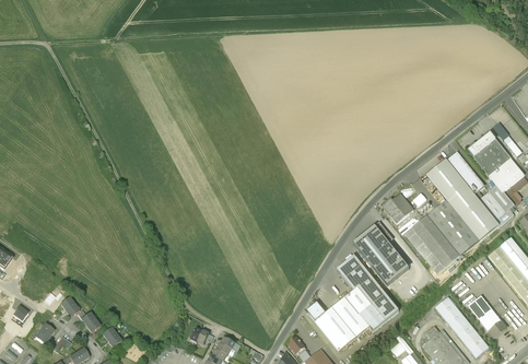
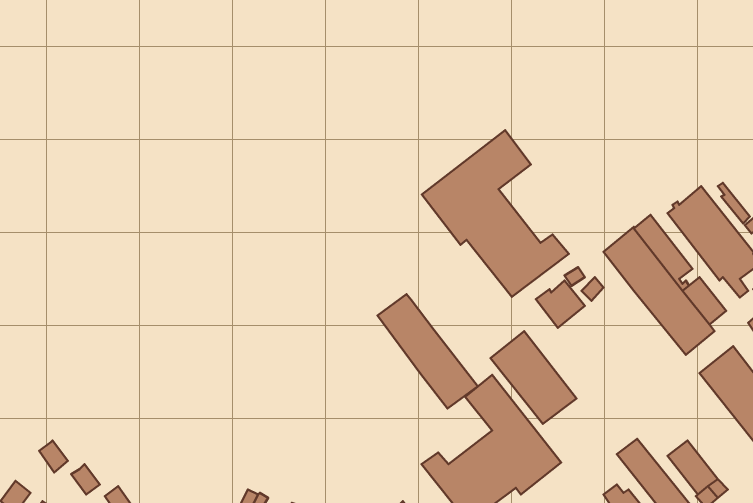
building: none -> [422,130,569,297]
building: [404,199,480,273] -> none
building: none -> [377,294,479,409]

